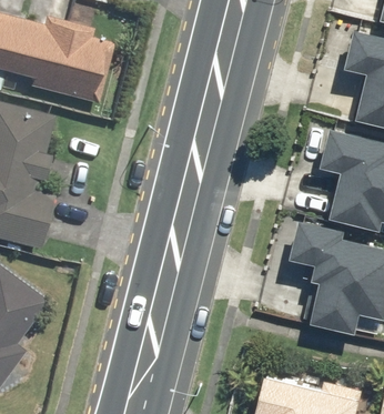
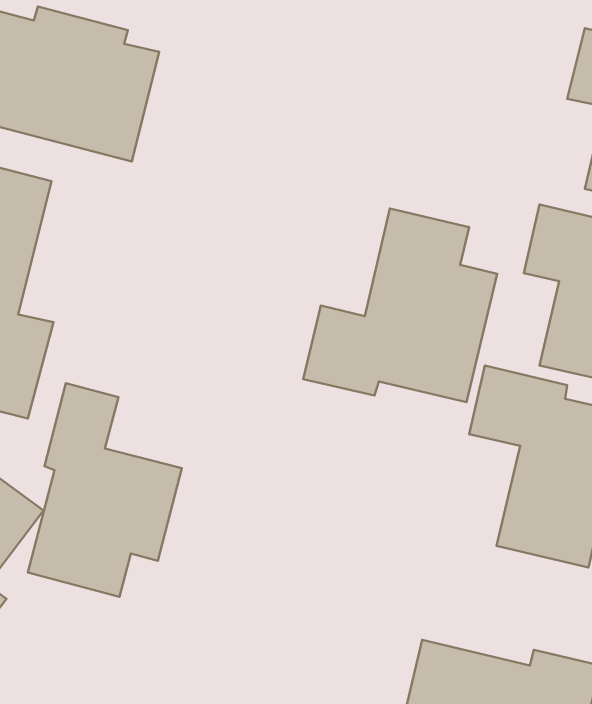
building: none -> [303,208,497,402]
building: none -> [28,383,182,597]

